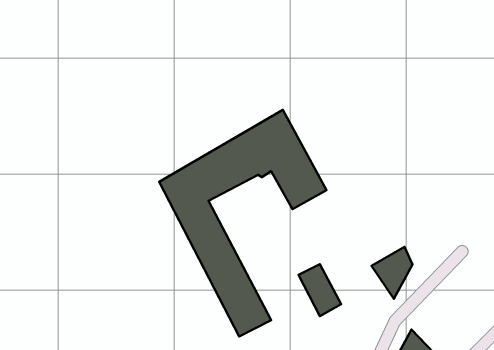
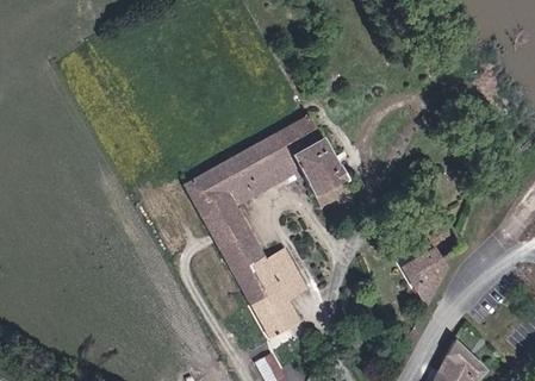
building: [299,264,341,316] -> [267,246,310,299]

